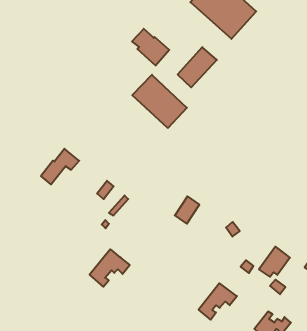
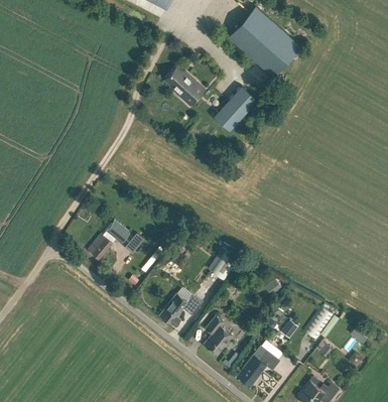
building: [132,75,187,128] -> none
building: [41,149,79,184] -> [88,220,130,259]
building: [90,249,130,287] -> [159,285,204,326]
building: none -> [204,315,232,354]

